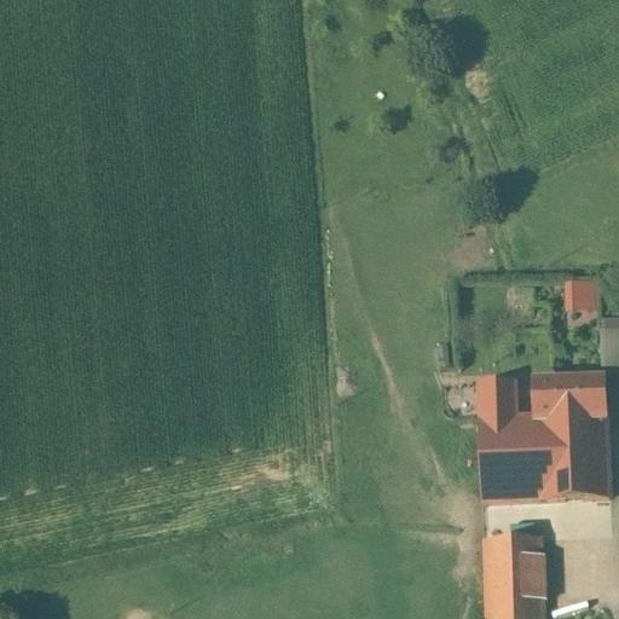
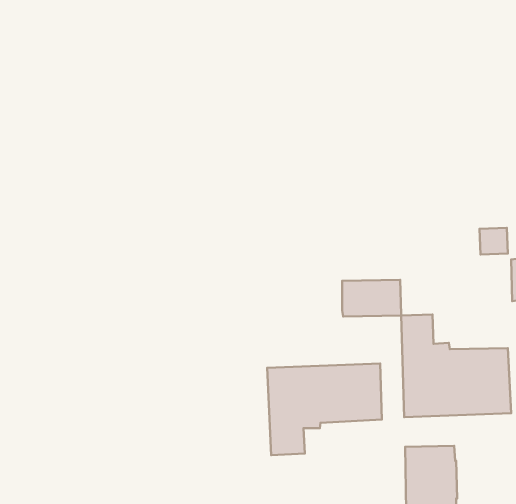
building: [536,374,606,417] -> [342,280,401,316]
building: none -> [267,363,382,455]

